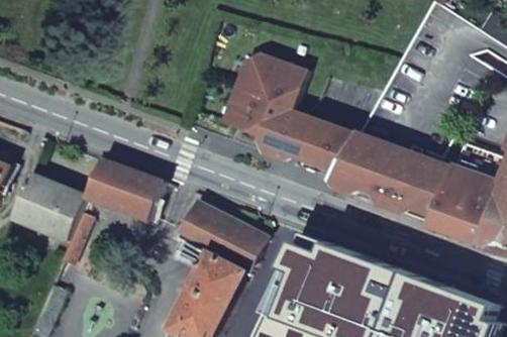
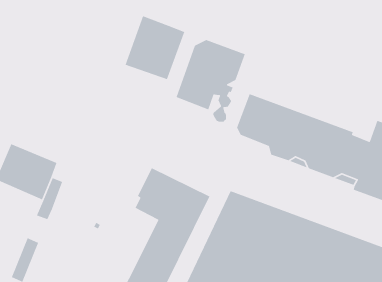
building: none -> [125,15,186,80]
building: [262,107,312,158] -> none
building: [86,158,165,222] -> none

